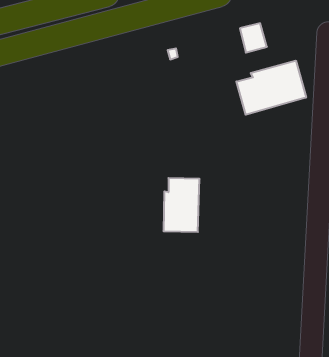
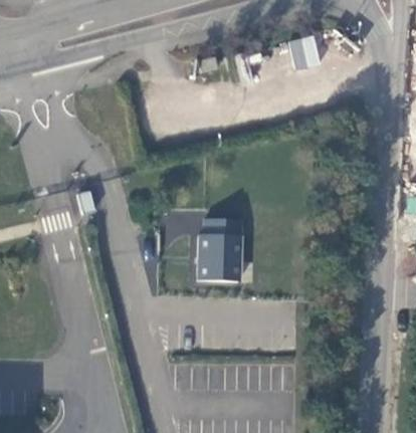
building: [236,61,306,115] -> none

